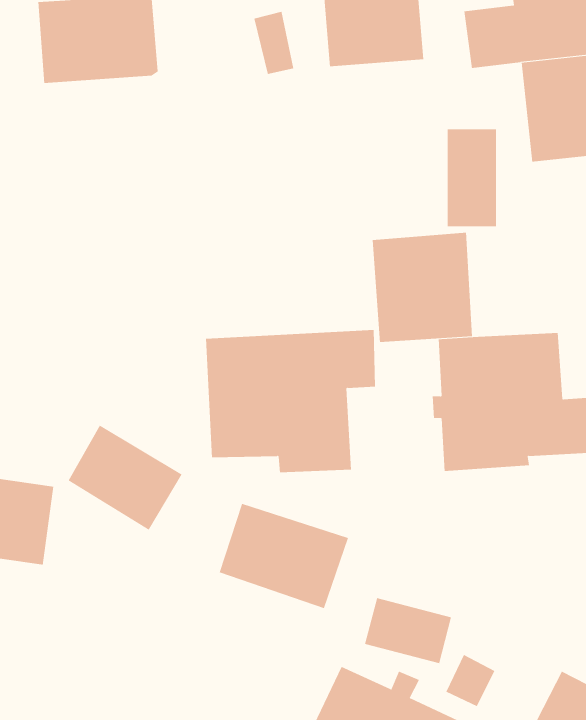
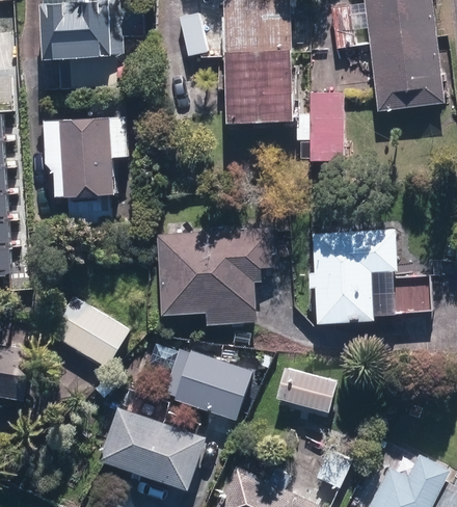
building: none -> [56,117,126,198]
building: [372,232,473,342] -> [237,43,306,118]
building: none -> [101,408,206,488]
building: [364,598,452,664] -> [274,369,334,415]

